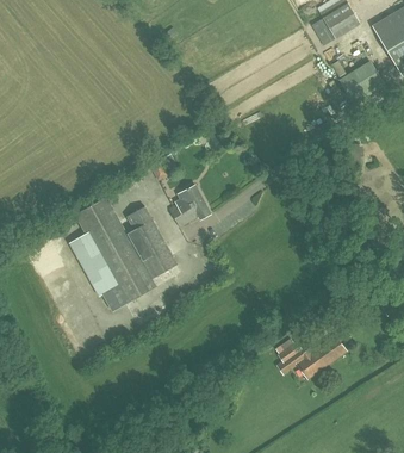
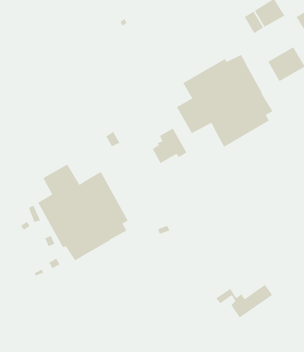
building: none -> [176,54,274,148]
building: [168,184,210,227] -> [152,127,188,164]

